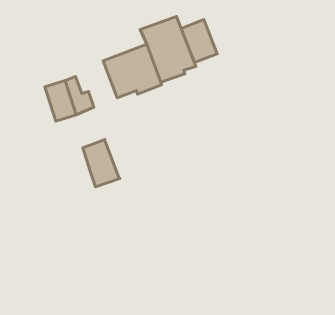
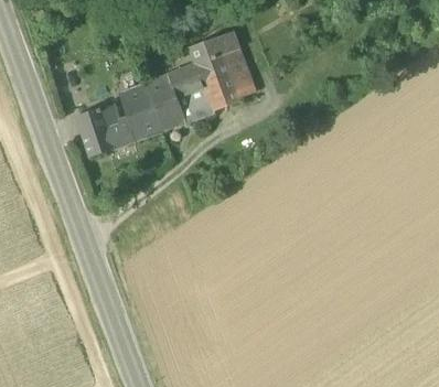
building: [181,20,217,63] -> none
building: [83,140,120,187] -> [119,83,163,139]

